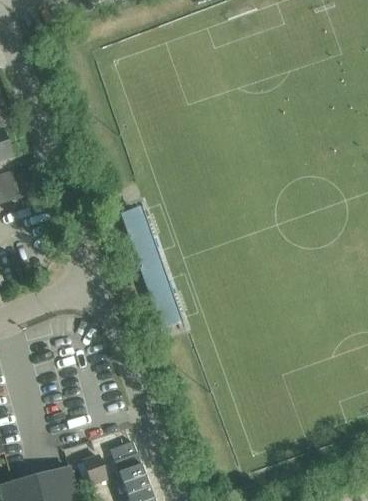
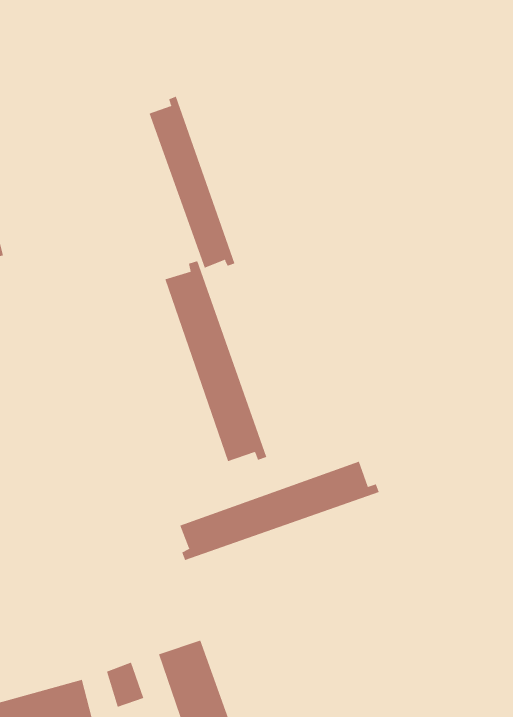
building: none -> [149,96,235,268]
building: none -> [180,461,379,561]

